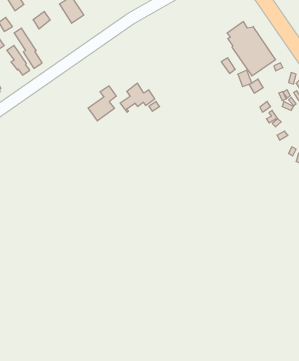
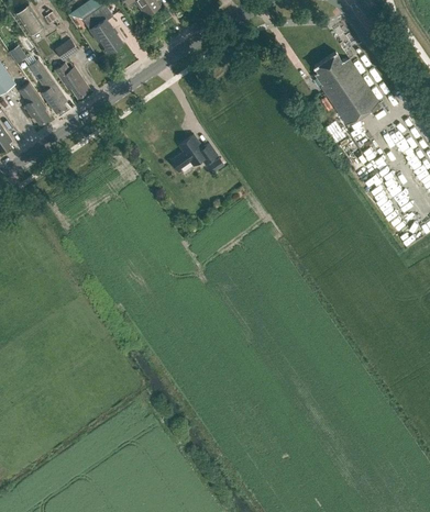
building: none -> [55,60,89,98]
building: [88,86,116,121] -> none

